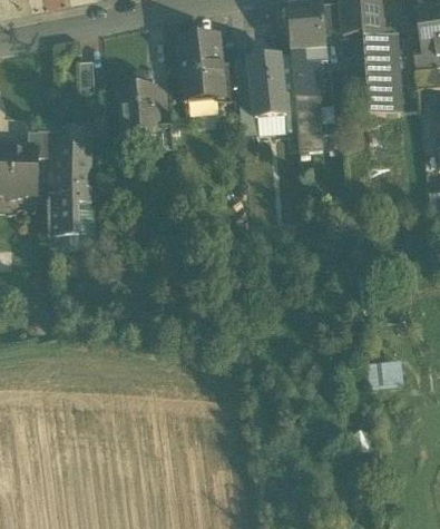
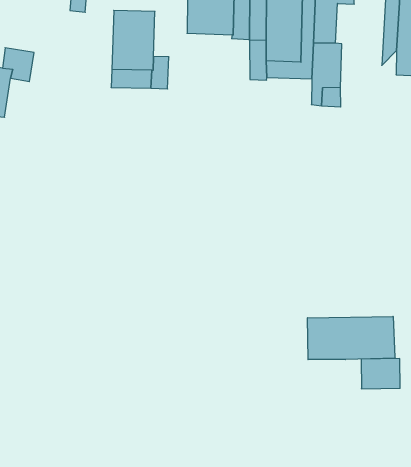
building: [49,127,97,252] -> none
building: none -> [308,316,395,360]

